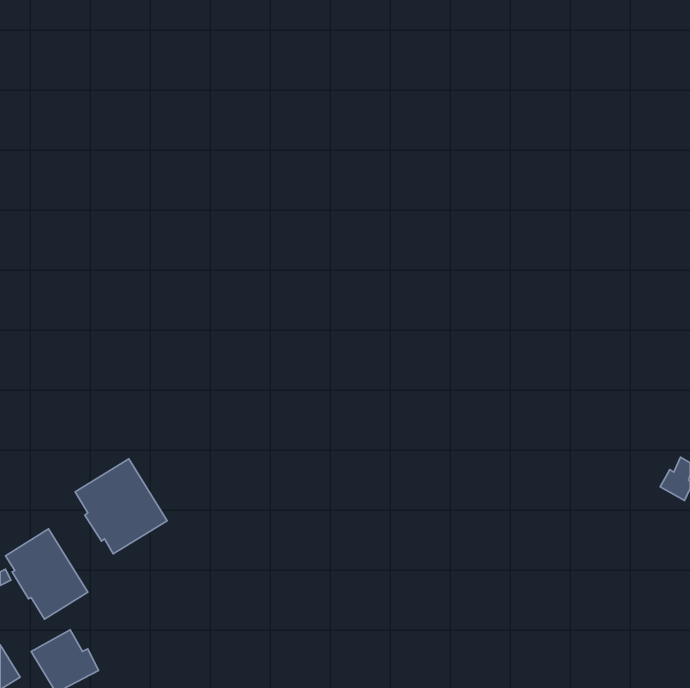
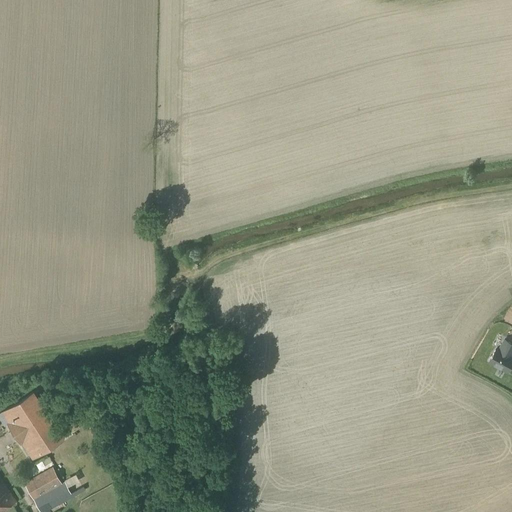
building: [75,459,167,554] -> none

